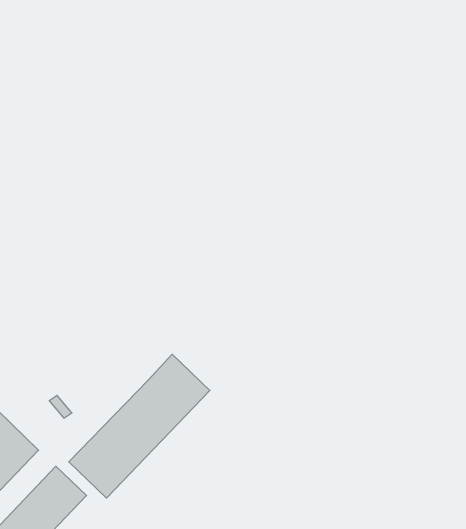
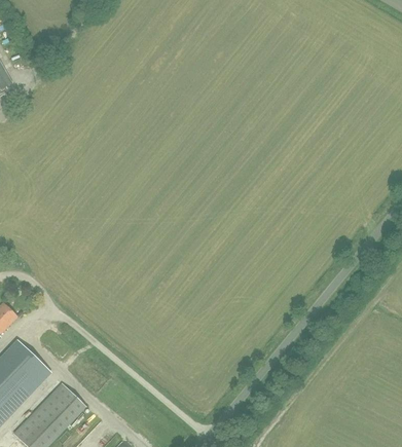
building: [69,354,210,498] -> none

